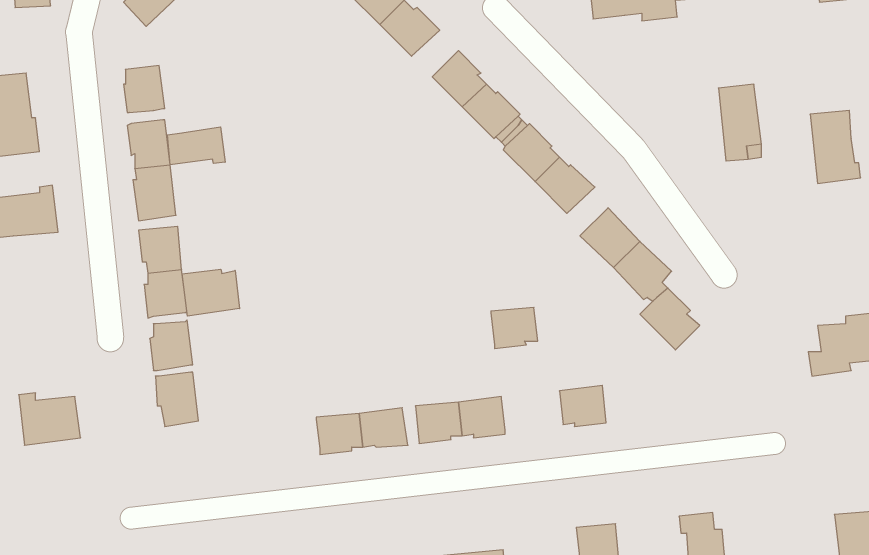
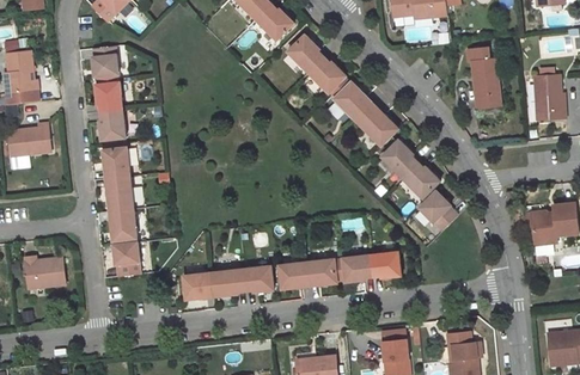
building: [167,127,225,165] -> none
building: [182,269,240,316] -> none
building: [491,307,538,349] -> [343,254,373,281]
building: none -> [183,272,213,299]

